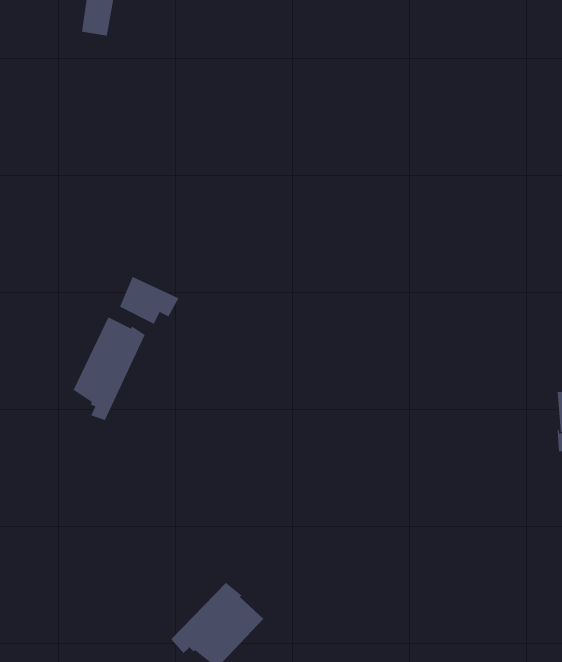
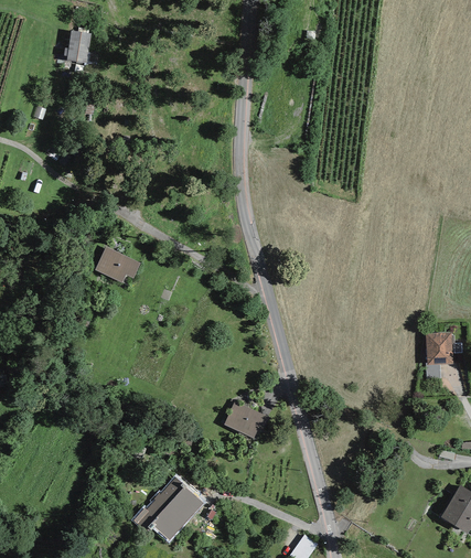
building: [73,317,146,421] -> none
building: none -> [224,400,267,439]

